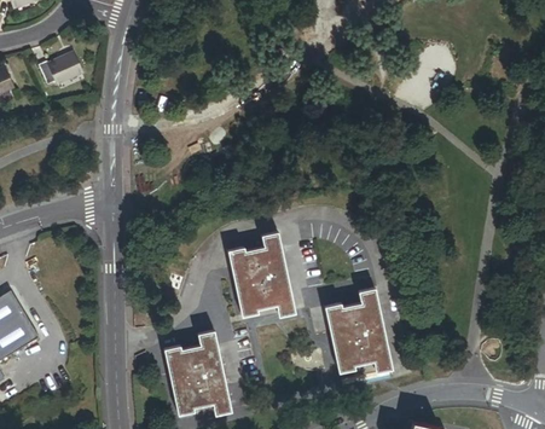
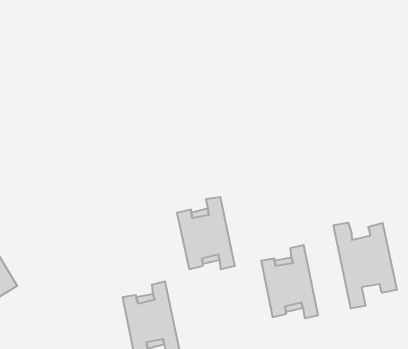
building: [39,54,82,86] -> none
building: none -> [333,223,397,309]

